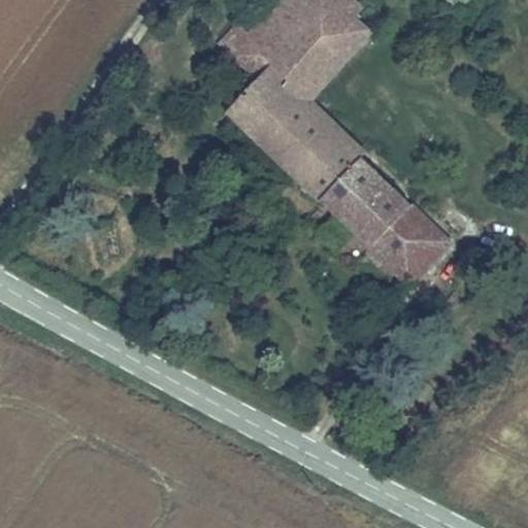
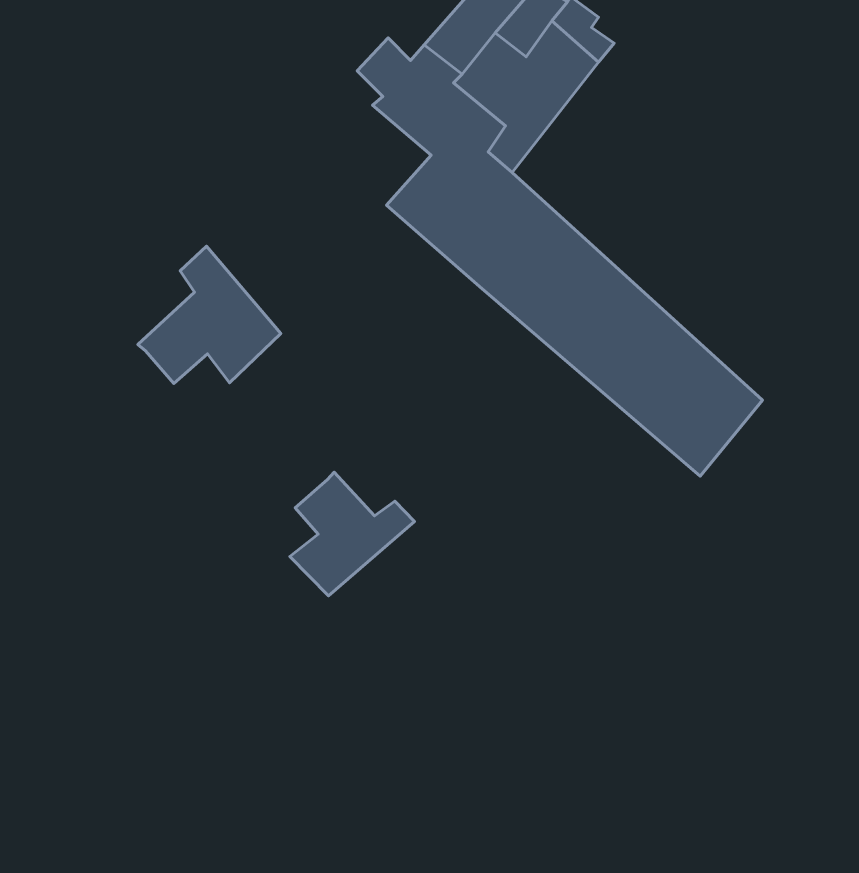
building: none -> [138,246,281,383]
building: none -> [290,472,414,596]

